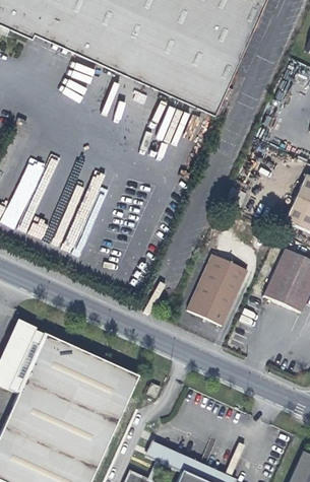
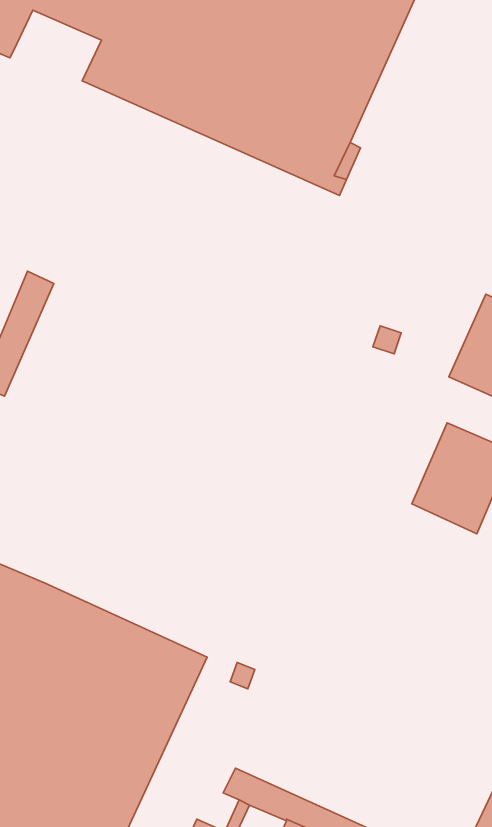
building: [27,6,78,47] -> none
building: [181,249,242,321] -> none

